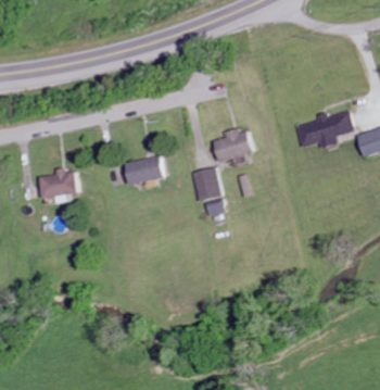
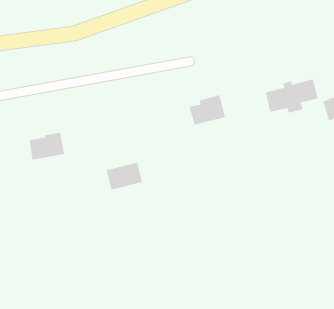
building: [124,155,164,186] -> [106,162,143,190]
building: [189,166,219,202] -> none

